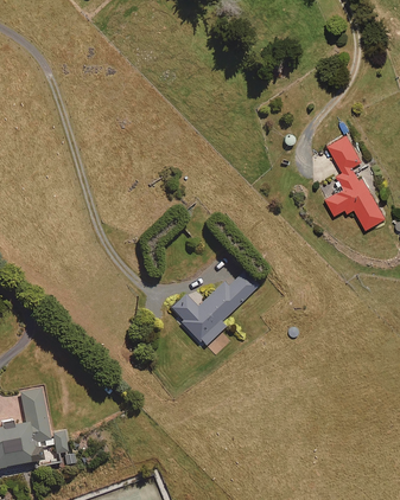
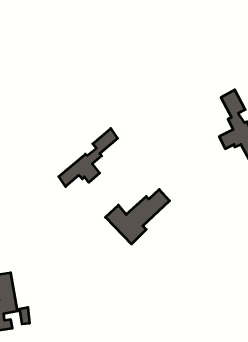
building: none -> [59,128,118,187]

